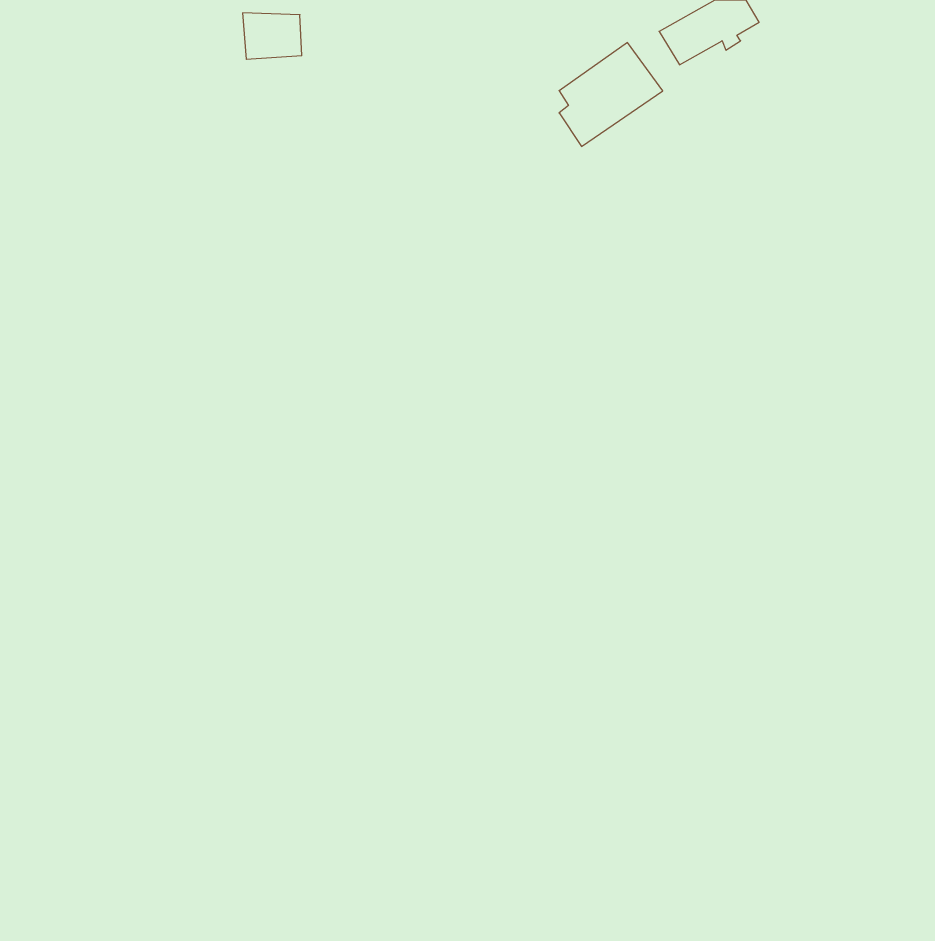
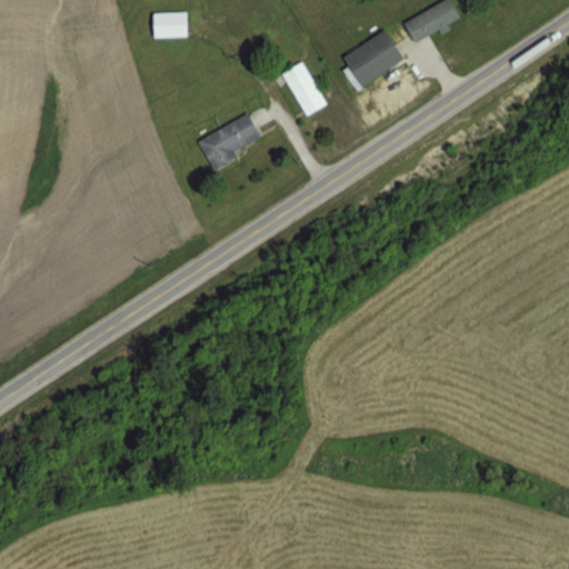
building: none -> [282,61,328,116]
building: none -> [200,112,261,169]

